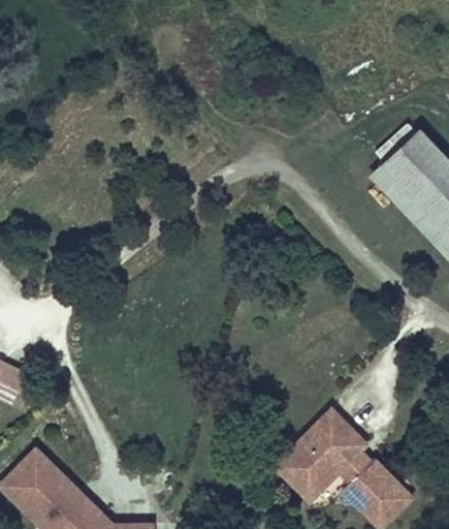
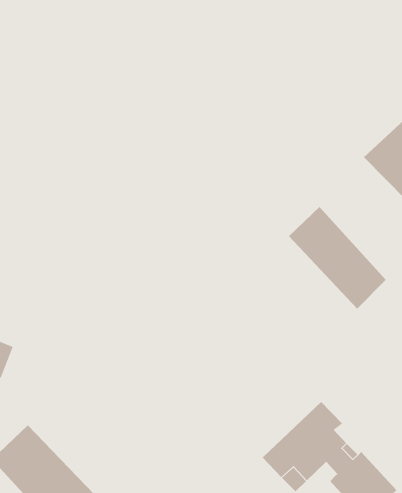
building: none -> [288,206,387,309]

